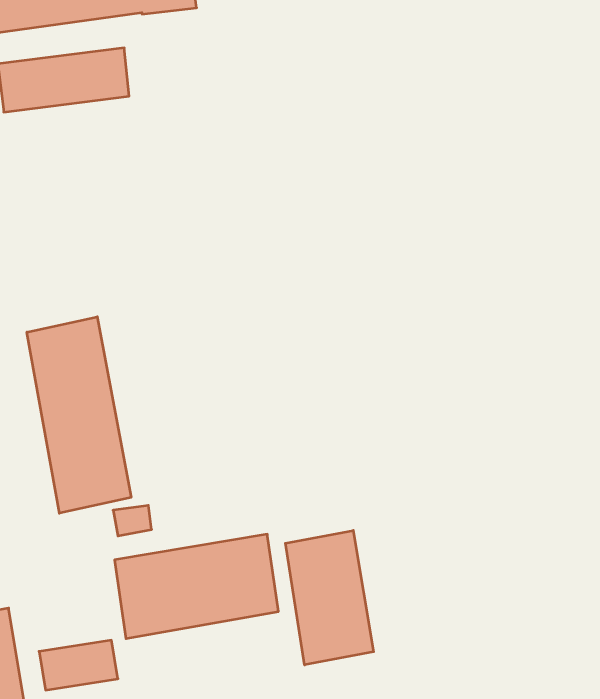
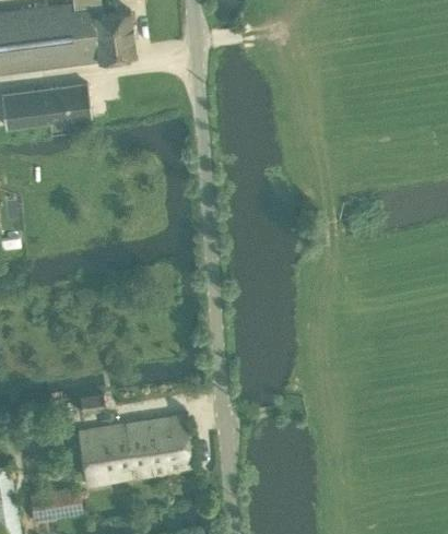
building: [27,317,131,513] -> none
building: [285,530,374,665] -> none

